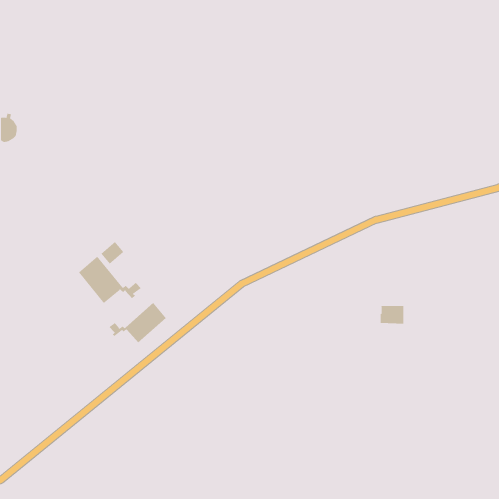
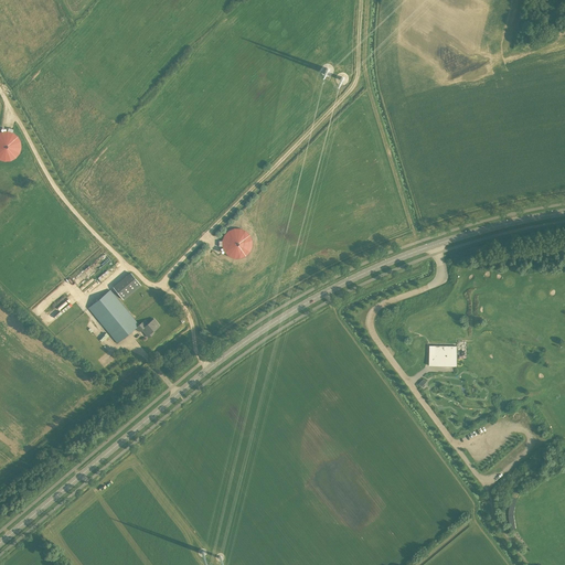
building: none -> [218,230,252,257]
building: [108,302,167,343] -> none

